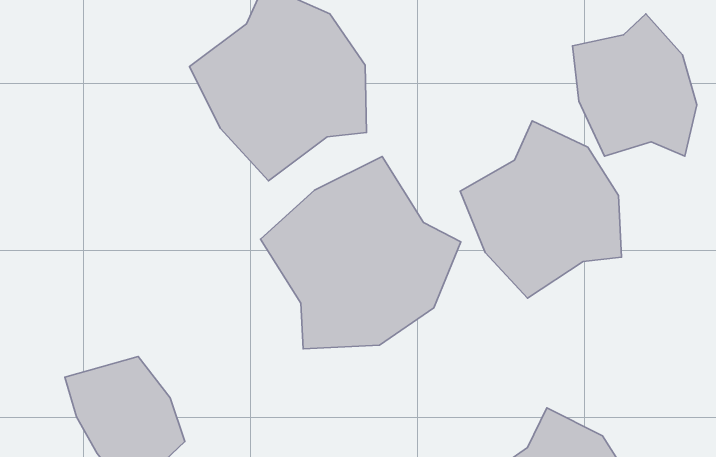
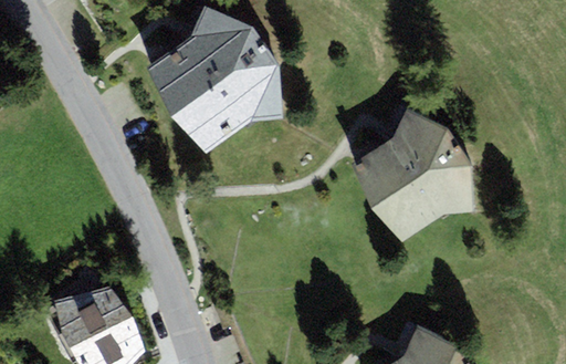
building: [572,14,697,156] -> none
building: [261,157,461,349] -> none

